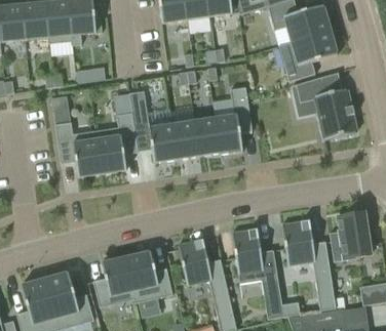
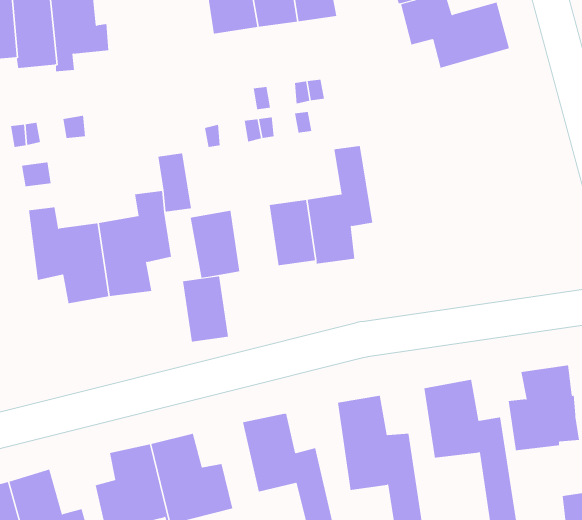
building: [279,32,338,81] -> none
building: [296,78,356,139] -> none
building: [171,121,198,159] -> [182,276,229,342]

